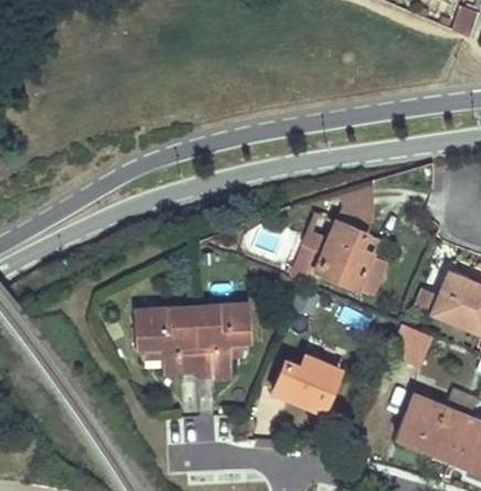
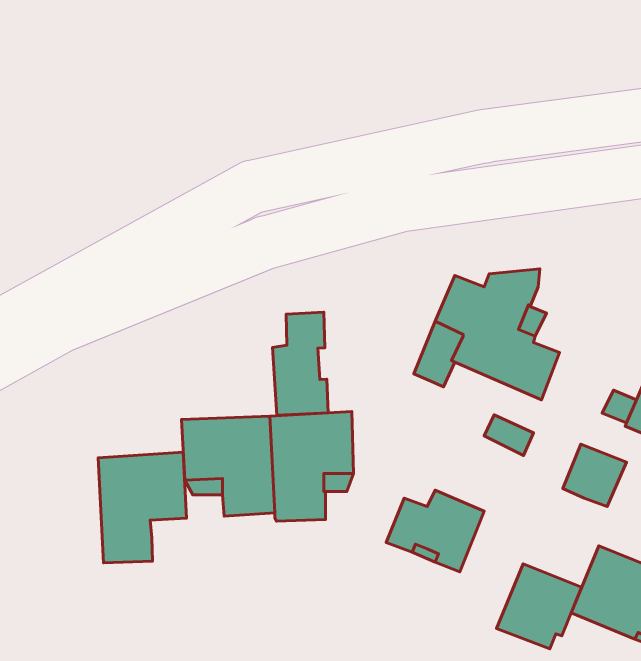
building: none -> [272,312,328,415]
building: none -> [98,452,186,563]
building: none -> [496,564,581,649]

